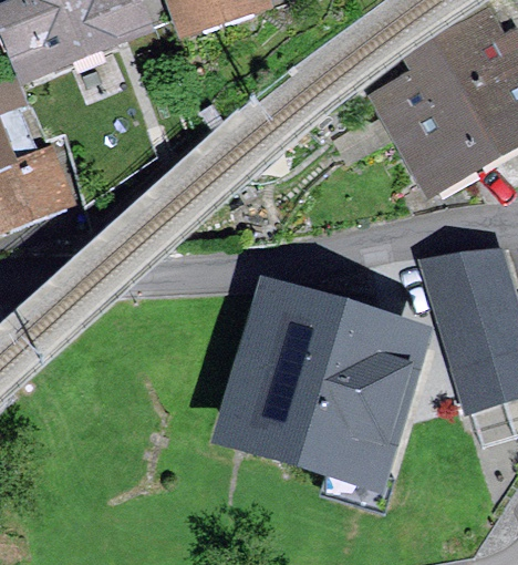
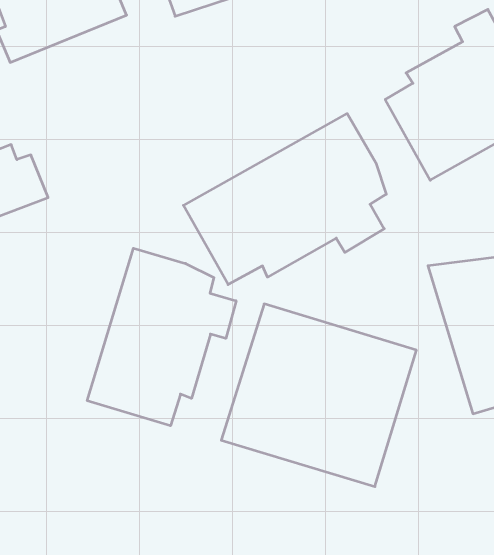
building: none -> [183,114,386,285]
building: none -> [87,248,236,426]

